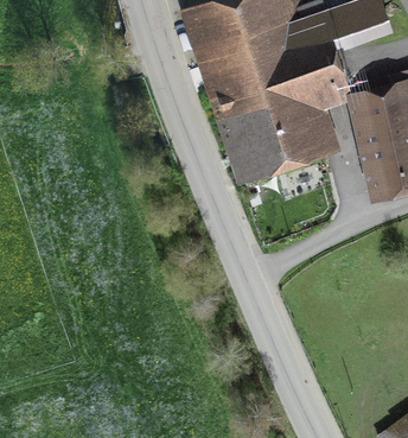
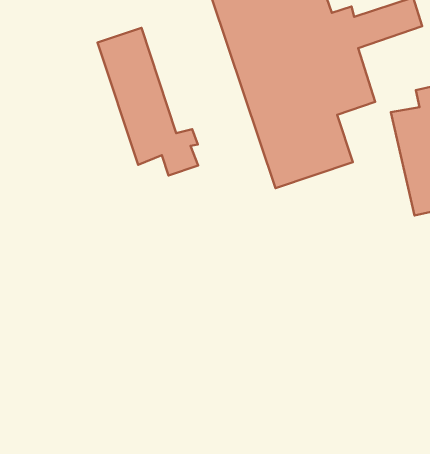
building: none -> [97,28,198,175]

